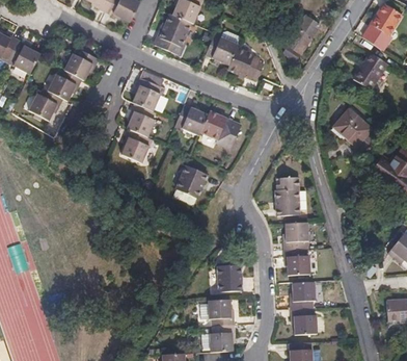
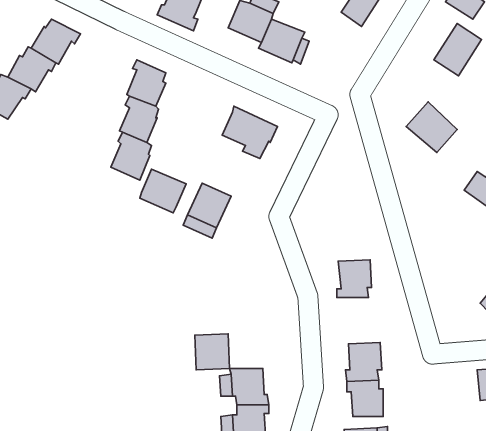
building: [175,105,209,136] -> [140,169,186,213]
building: [275,178,306,215] -> none
building: [283,249,310,275] -> none
building: [217,265,242,291] -> [195,334,230,370]

